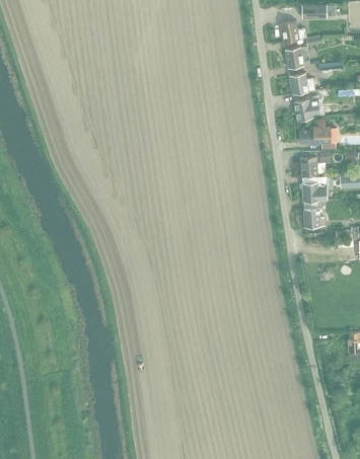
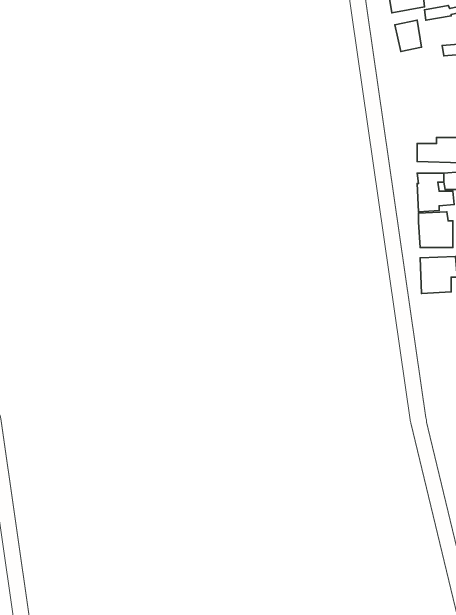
building: [290,72,314,93] -> none
building: [294,98,319,120] -> none

